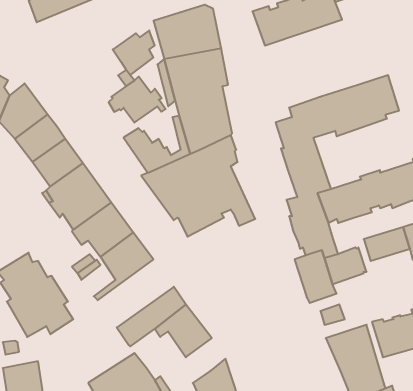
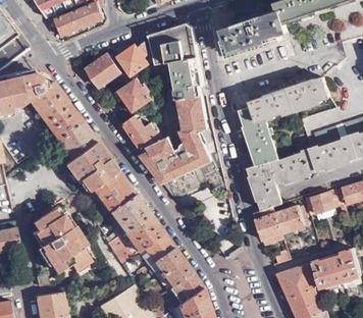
building: none -> [88,54,124,88]
building: none -> [107,214,164,265]
building: none -> [170,273,203,305]

